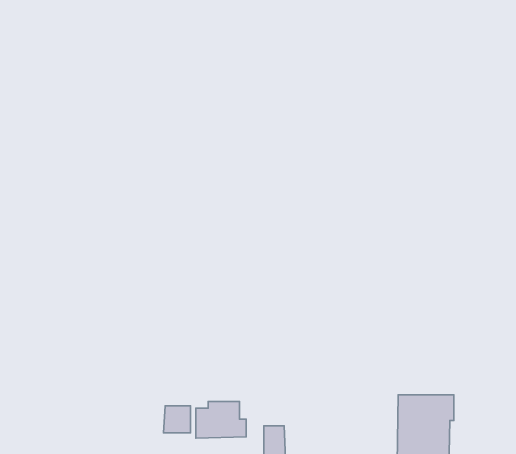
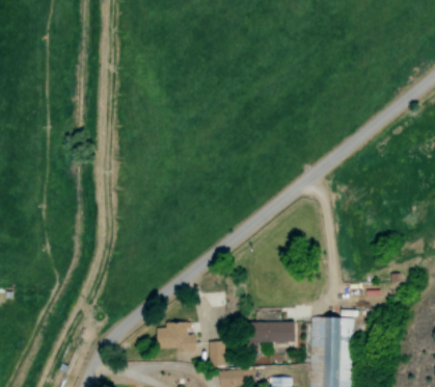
building: none -> [247,321,295,354]
building: [163,406,190,433] -> none

